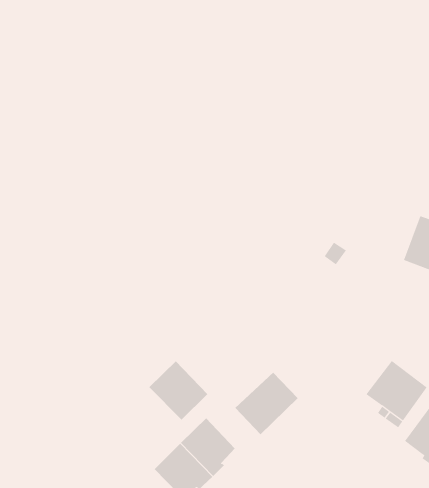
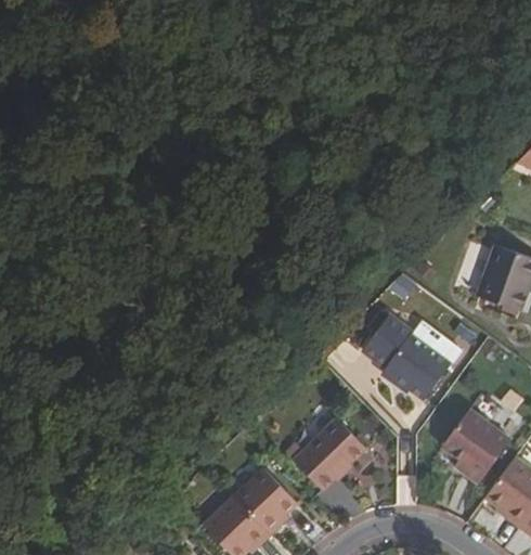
building: none -> [361,313,450,399]
building: [149,361,208,420] -> none

